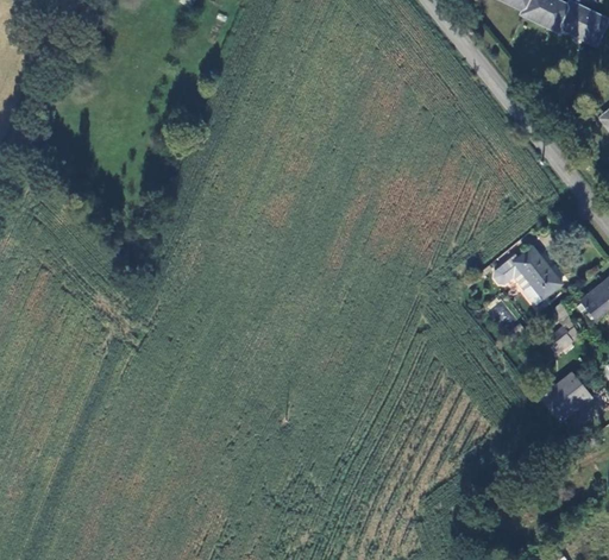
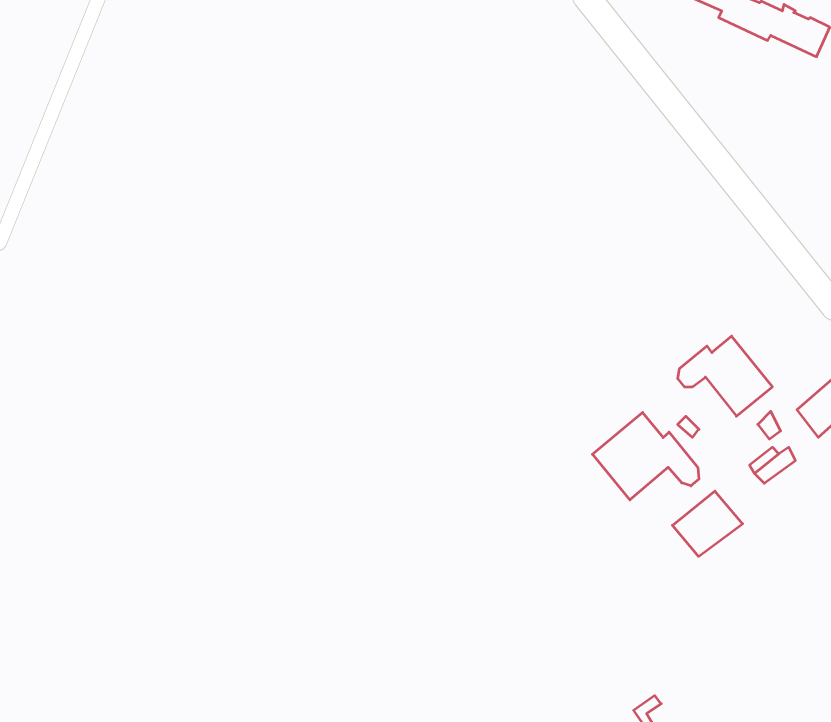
building: none -> [592,412,699,500]
building: [542,375,594,422] -> [672,491,743,556]

